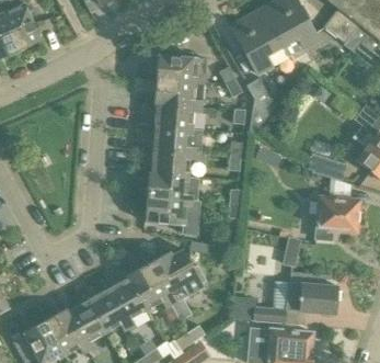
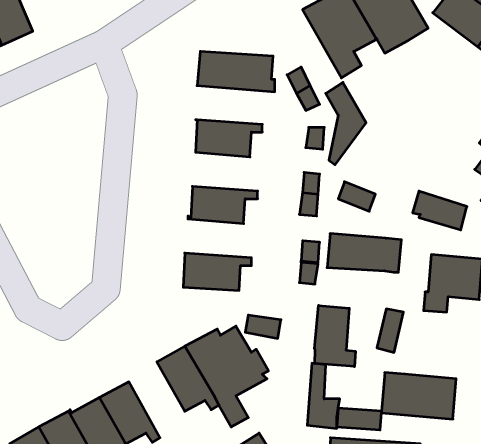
building: [154,79,203,106] -> none
building: [152,126,203,154] -> none
building: [147,173,199,201] -> [327,234,401,272]
building: none -> [315,305,355,367]
building: [107,274,147,328] -> none

